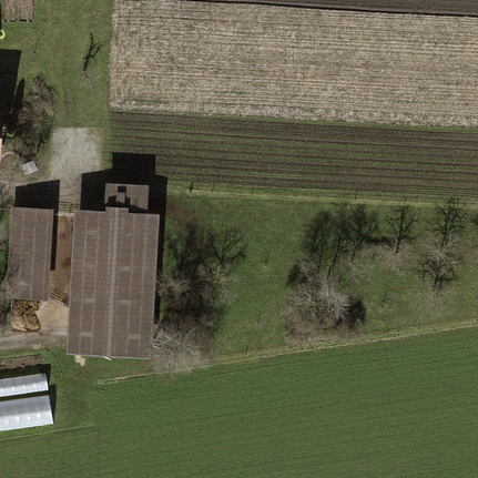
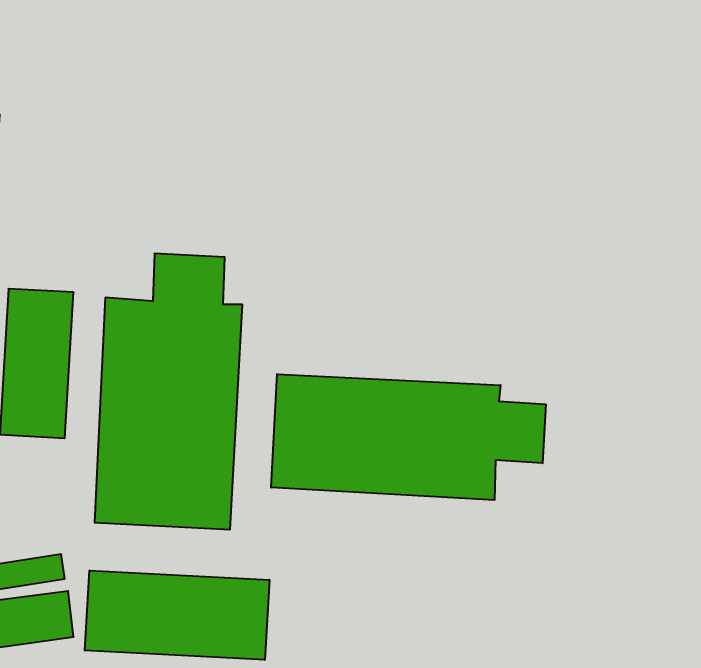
building: none -> [271,374,546,500]
building: none -> [85,570,269,660]

